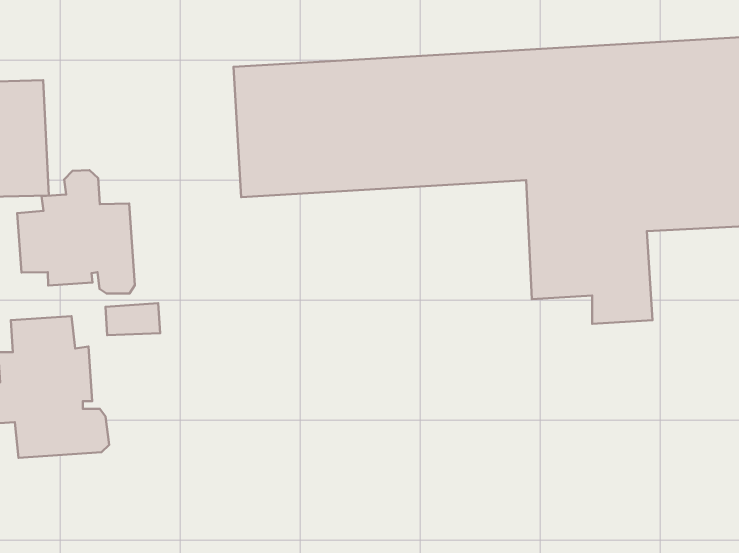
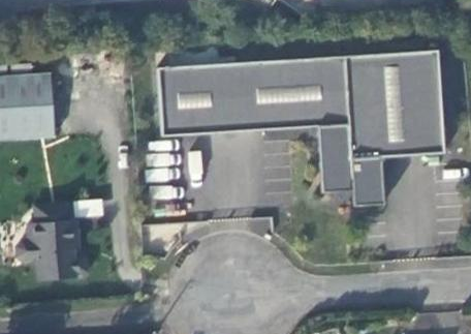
building: [17,170,135,294] -> none

